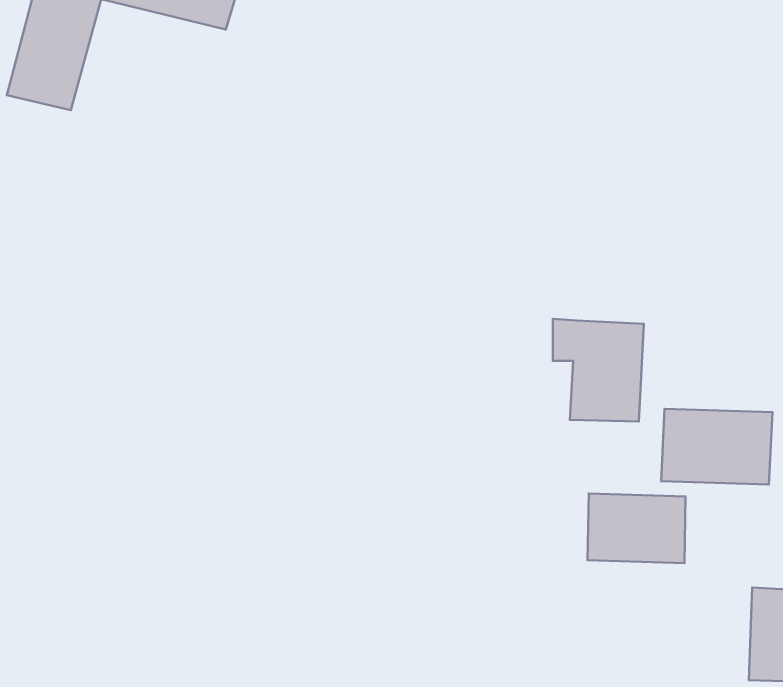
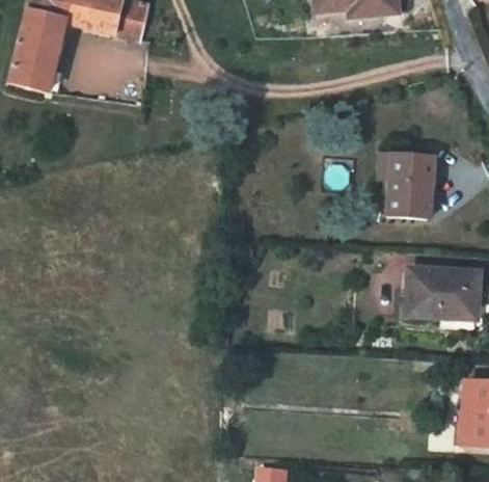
building: [553,319,644,422] -> [379,152,435,215]
building: [588,494,685,563] -> none

